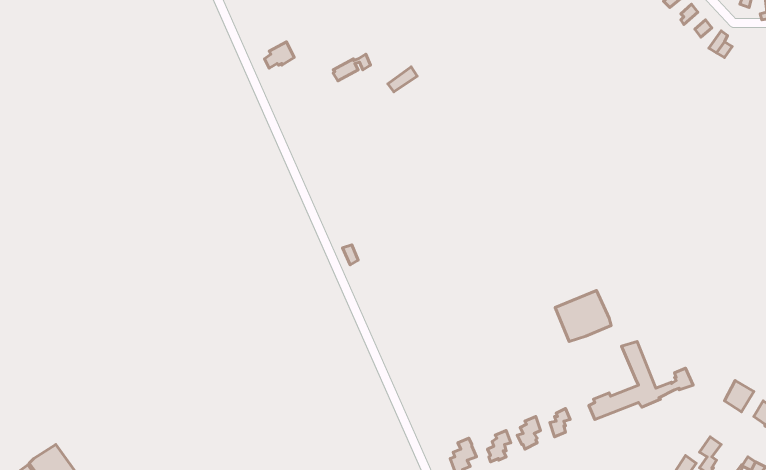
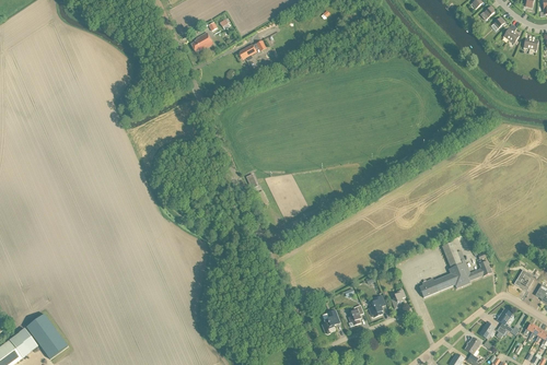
building: [555,290,611,342] -> none

